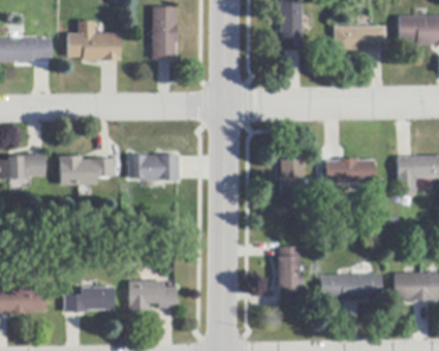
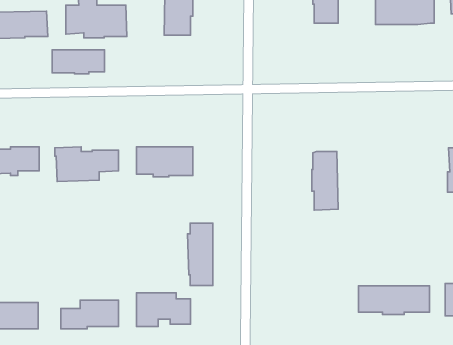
building: none -> [52,50,104,74]
building: [326,158,375,183] -> none
building: [277,247,299,300] -> [188,223,213,285]

